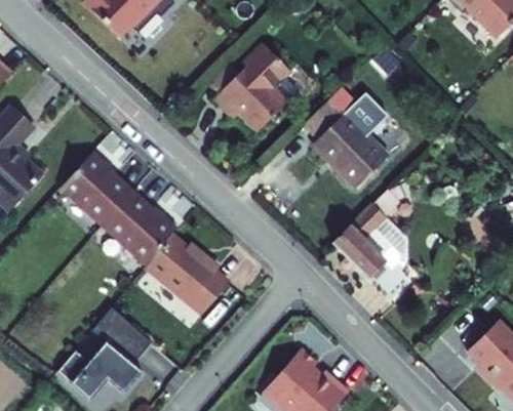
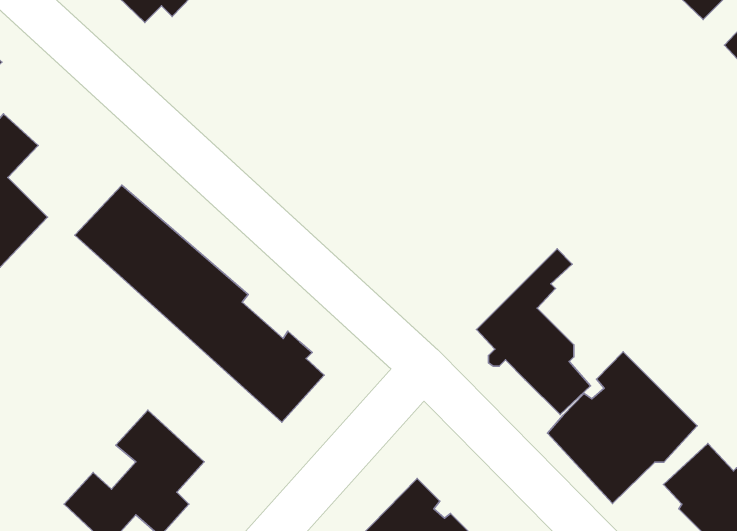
building: [203,50,299,140] -> none
building: [301,82,394,194] -> none
building: none -> [547,352,697,504]

